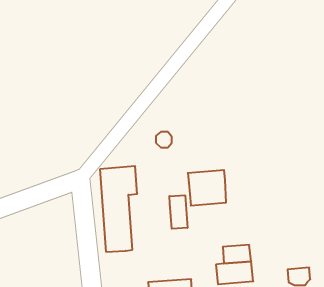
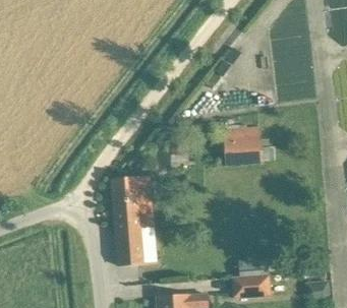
building: [188,170,226,206] -> [224,125,264,162]
building: [169,195,187,229] -> none

